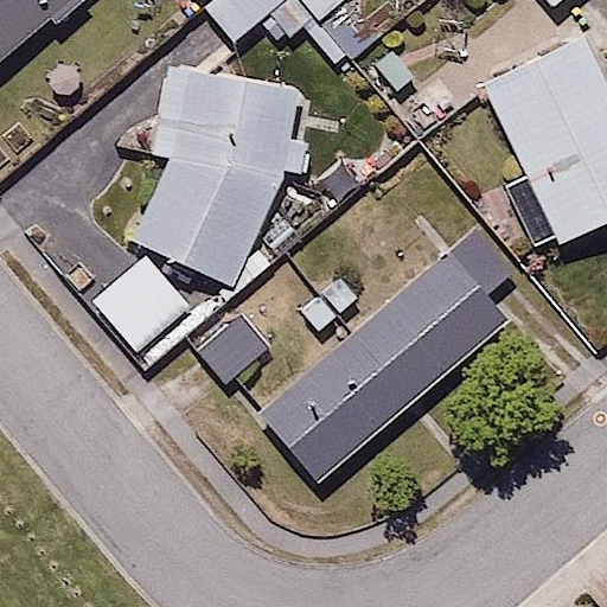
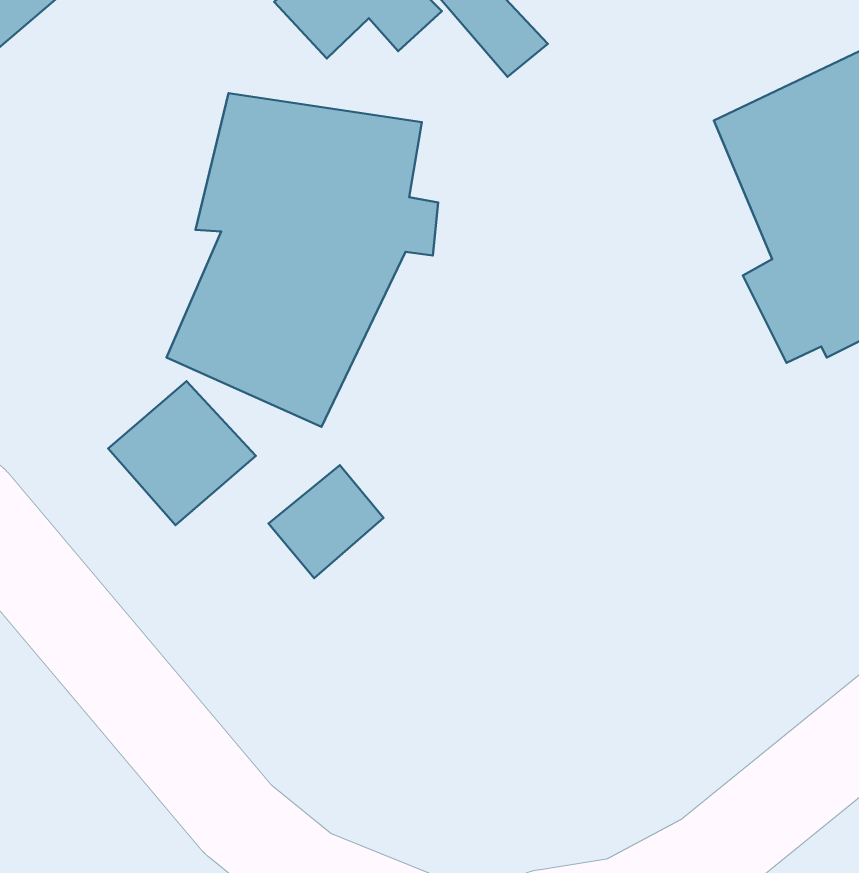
building: [258,230,512,481] -> none

